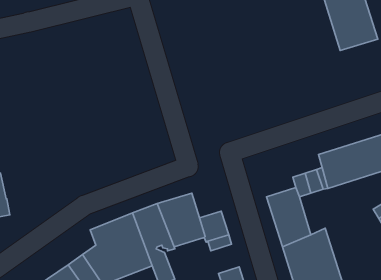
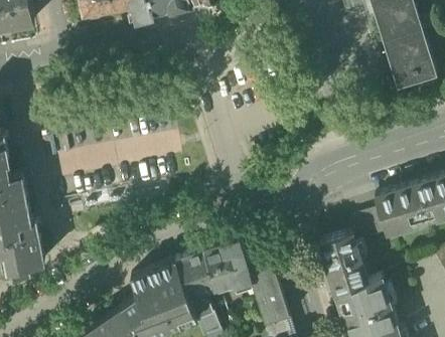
building: none -> [260,295,290,326]

